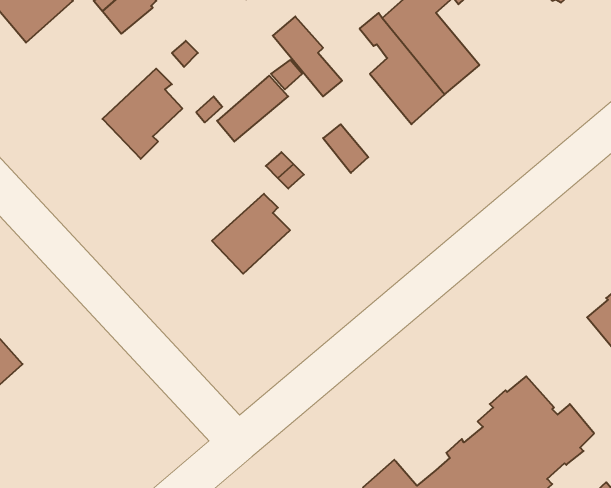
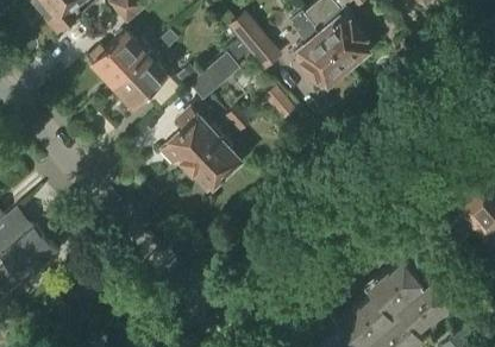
building: none -> [87,30,149,83]
building: none -> [161,112,223,166]

